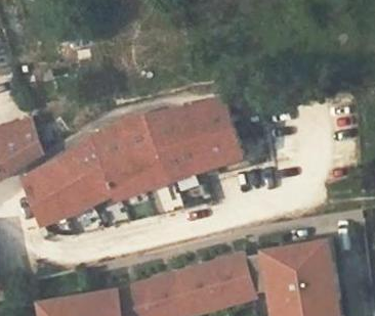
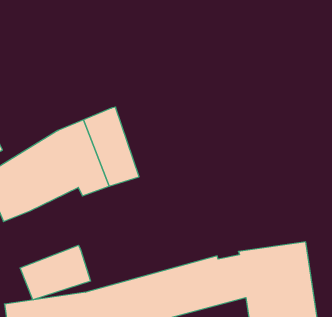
building: [147,98,241,179] -> none
building: none -> [20,245,91,300]

